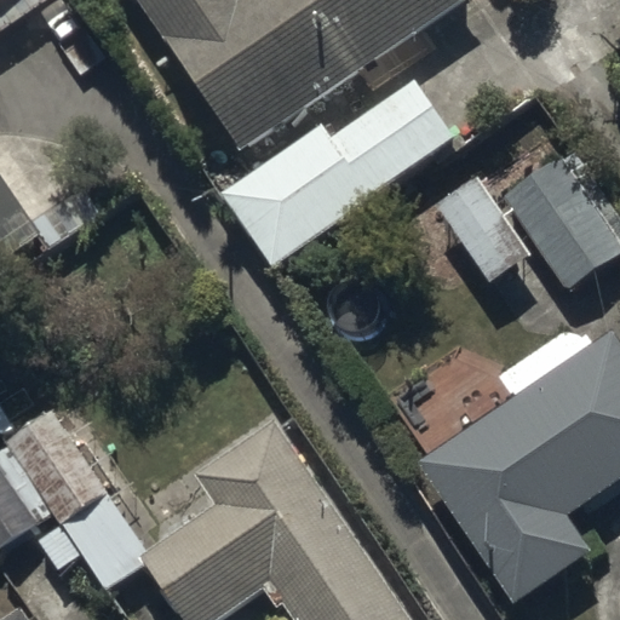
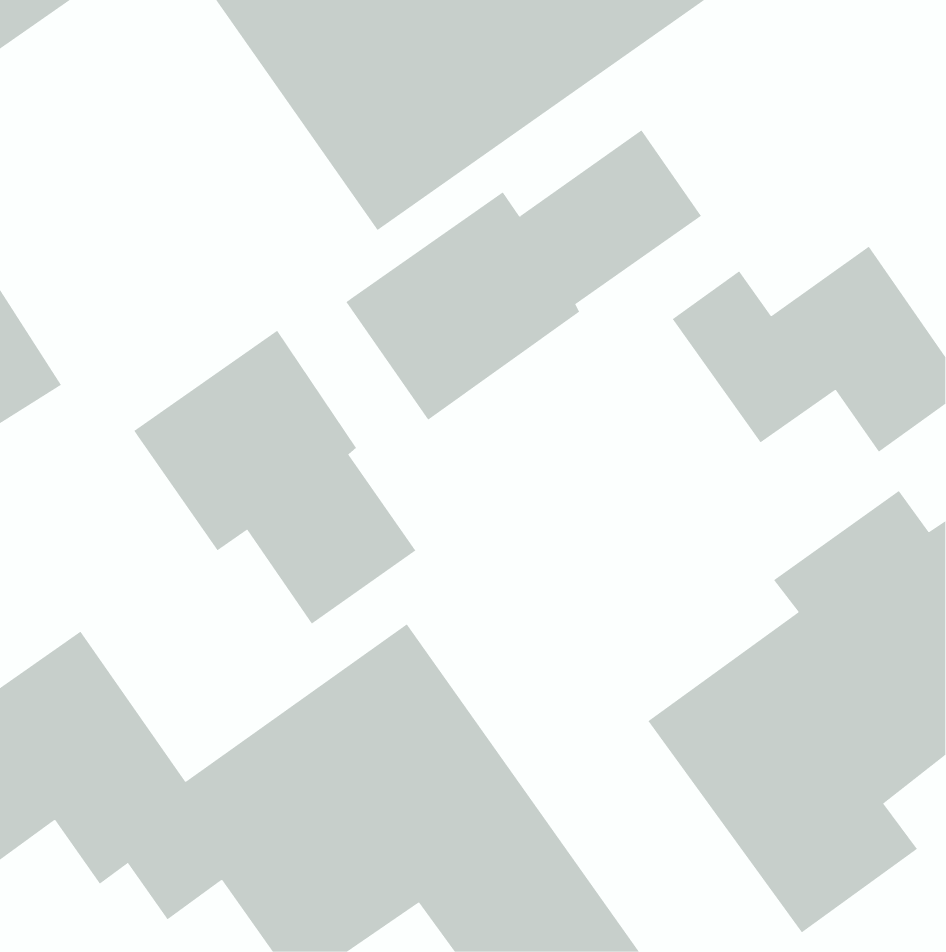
building: none -> [134,330,416,624]

